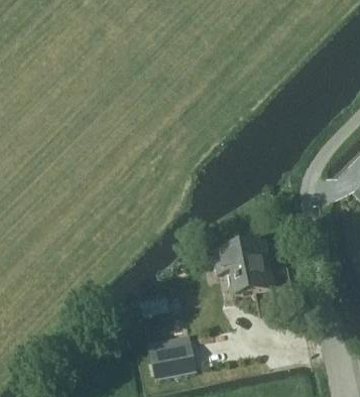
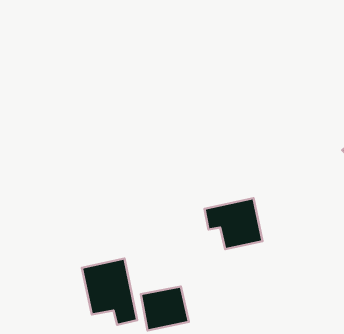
building: none -> [82,258,137,325]

